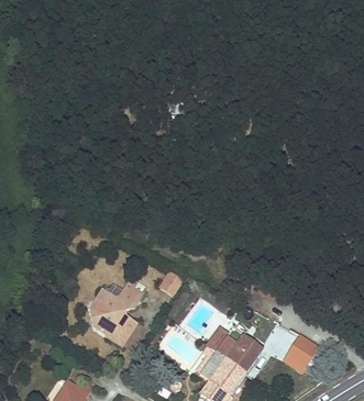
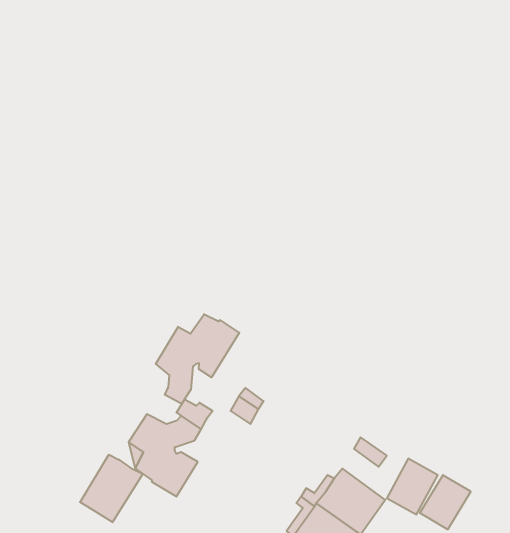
building: none -> [156,314,239,404]
building: none -> [80,455,143,522]

